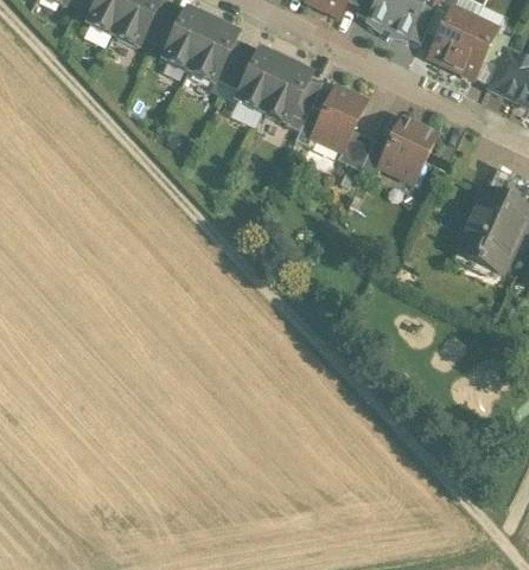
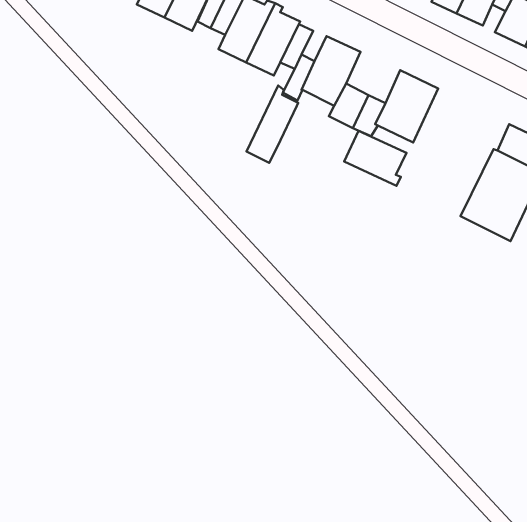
building: none -> [246,86,298,163]
building: none -> [344,131,406,186]

